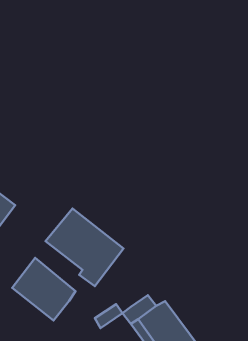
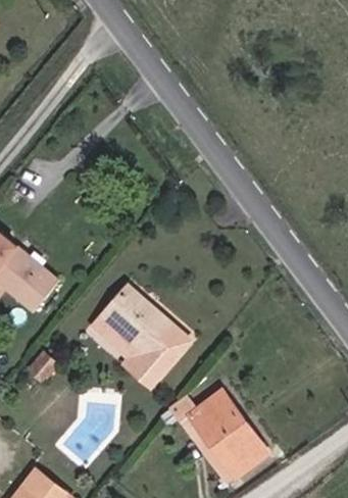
building: [12,258,76,320] -> none

